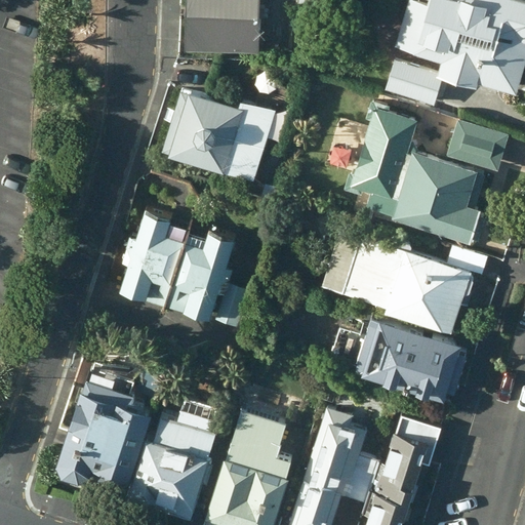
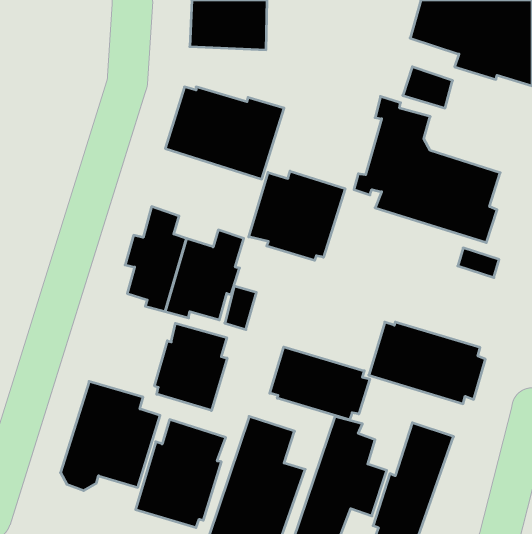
building: [444,120,506,172] -> none
building: none -> [249,171,345,260]
building: [317,233,469,333] -> none
building: none -> [155,323,227,411]
building: none -> [270,347,370,420]

